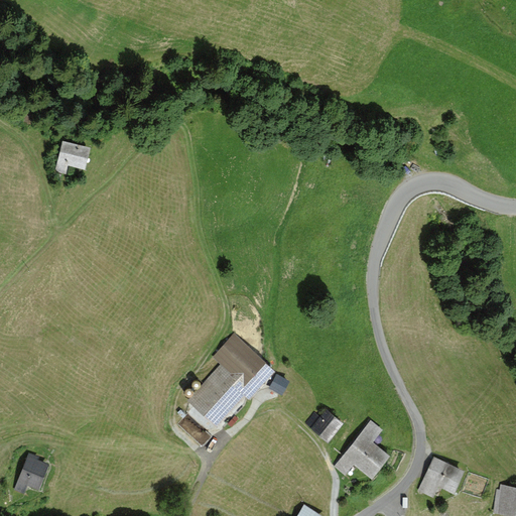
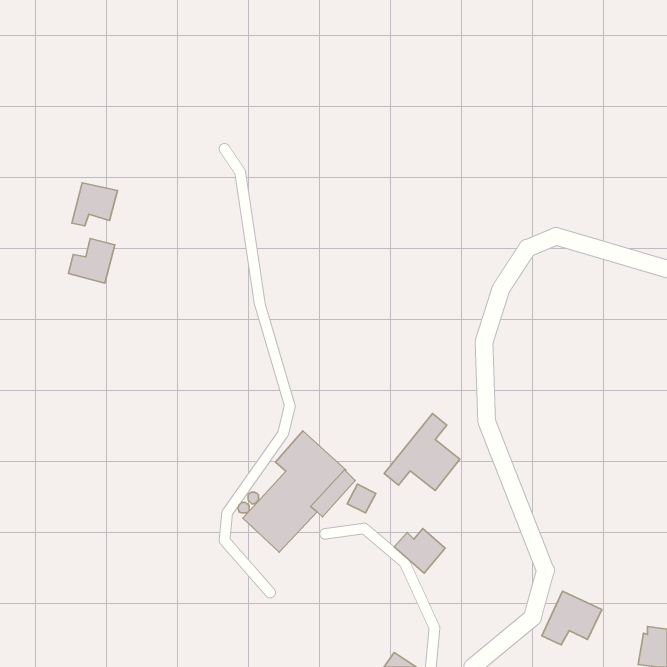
building: none -> [68,239,115,283]
building: [334,420,392,480] -> [384,413,460,490]
building: [14,453,49,494] -> none

